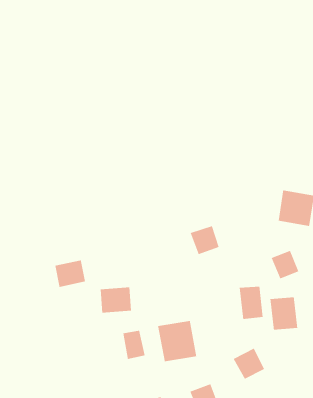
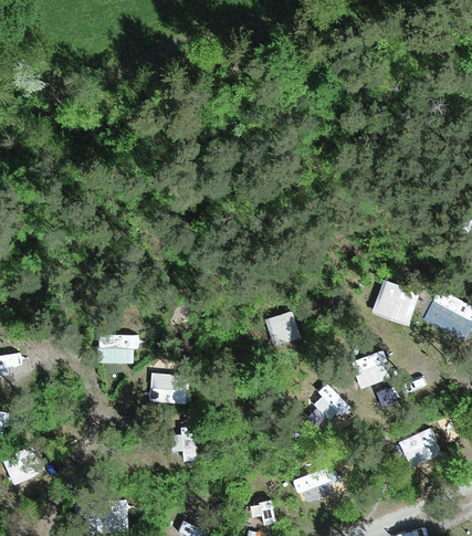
building: [270,297,298,331] -> none
building: [158,320,197,362] -> none

